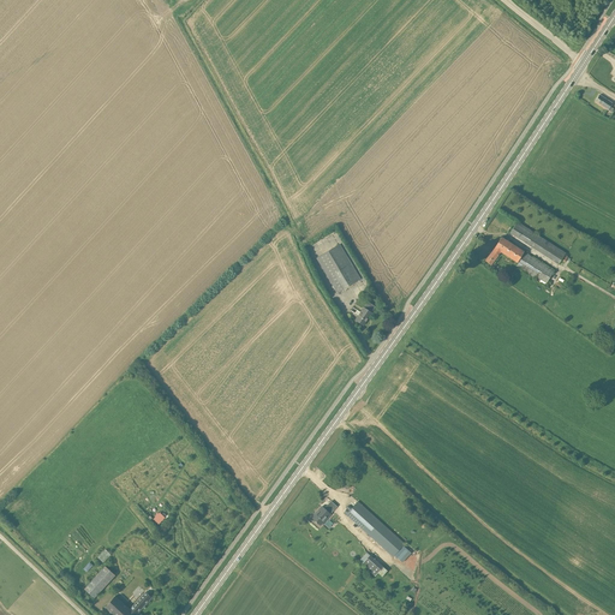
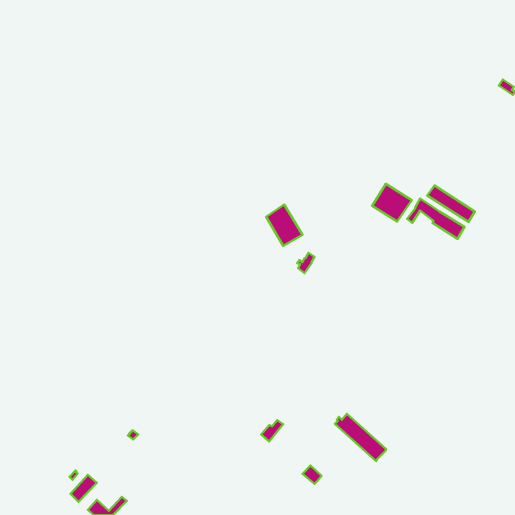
building: none -> [372,184,412,221]
building: [344,501,405,557] -> [335,414,386,461]

